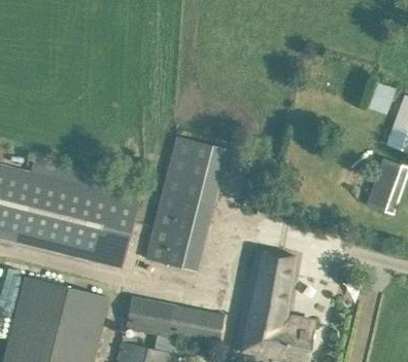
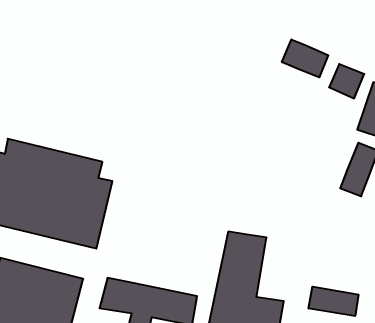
building: none -> [282,39,328,77]
building: [147,137,227,269] -> none
building: none -> [309,287,358,316]

